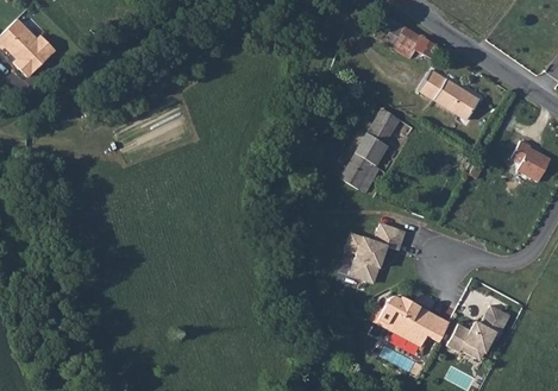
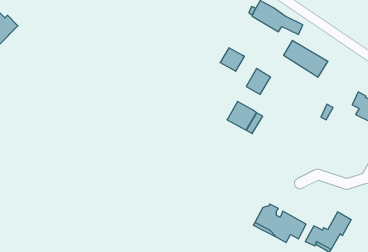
building: [355,133,388,165] -> [220,48,244,71]
building: [346,222,406,282] -> none

